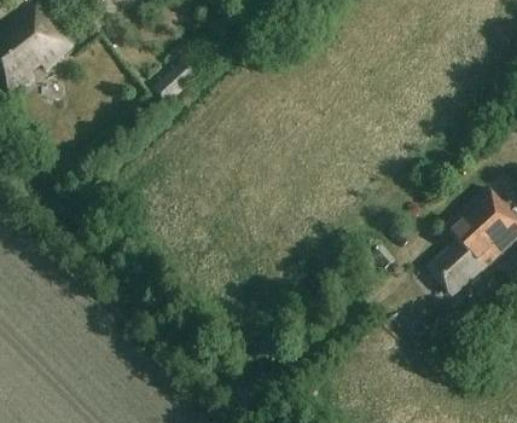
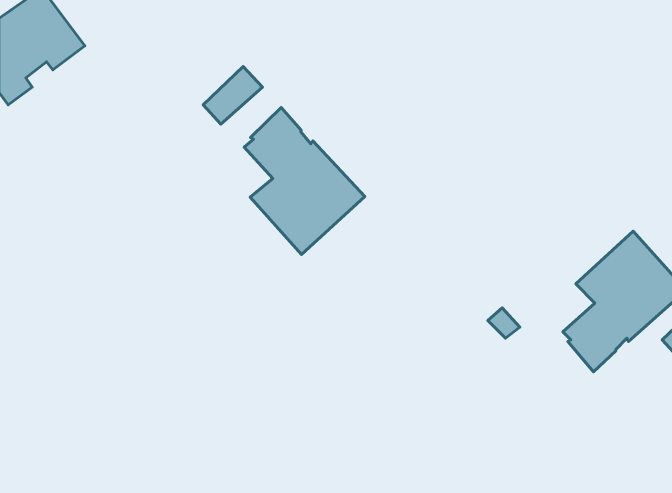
building: none -> [244,107,365,255]

